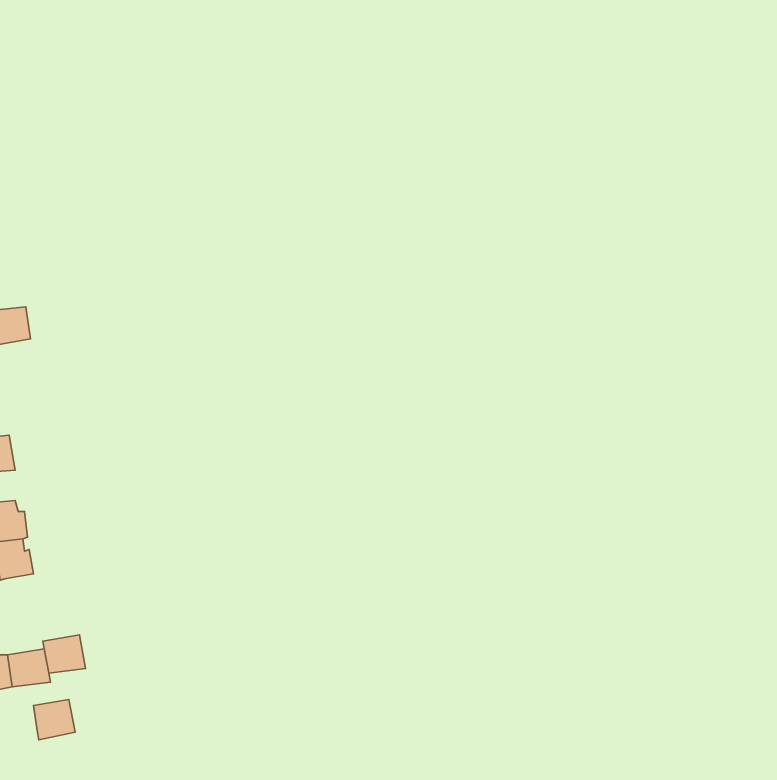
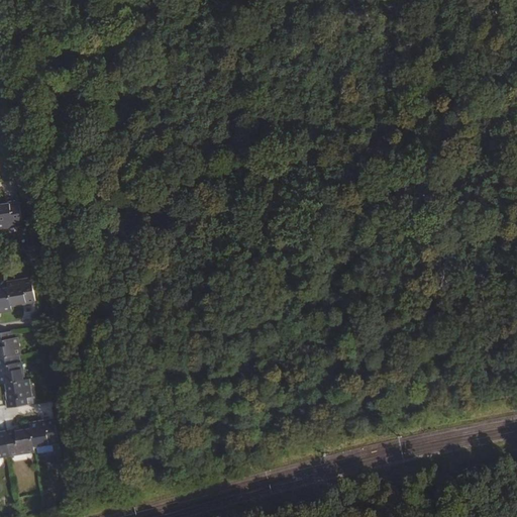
building: none -> [6,280,33,306]
building: none -> [4,380,29,407]
building: [33,699,75,740] -> none

